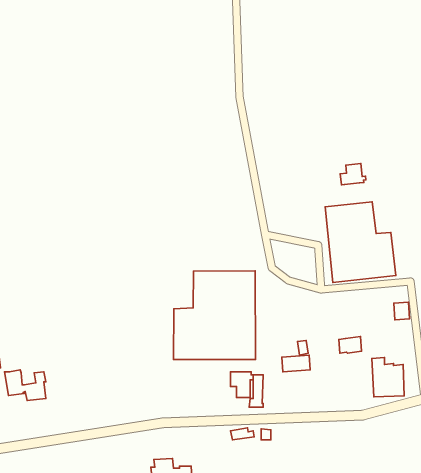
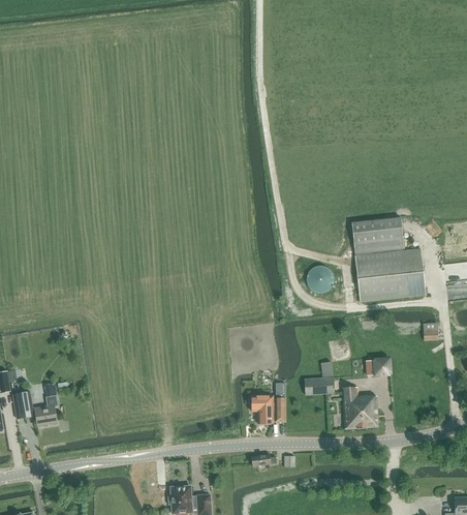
building: [340,163,366,185] -> none
building: none -> [310,267,334,291]
building: [174,271,256,359] -> none
building: [372,357,404,397] -> [343,388,377,429]

